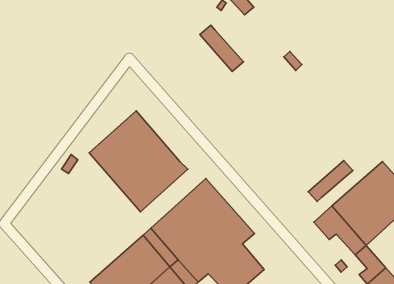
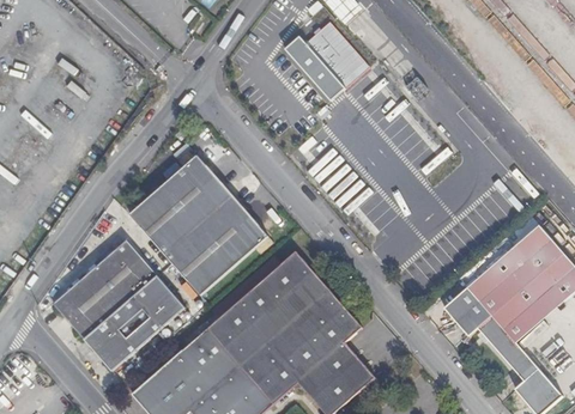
building: none -> [307,22,370,87]
building: [308,161,353,201] -> none
building: none -> [50,241,186,376]

